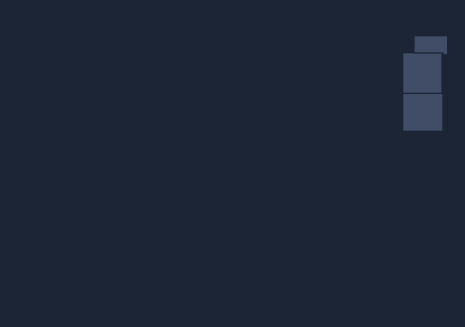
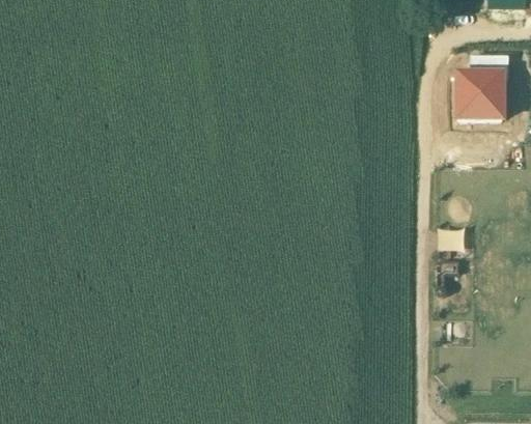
building: [403,93,444,132] -> none

